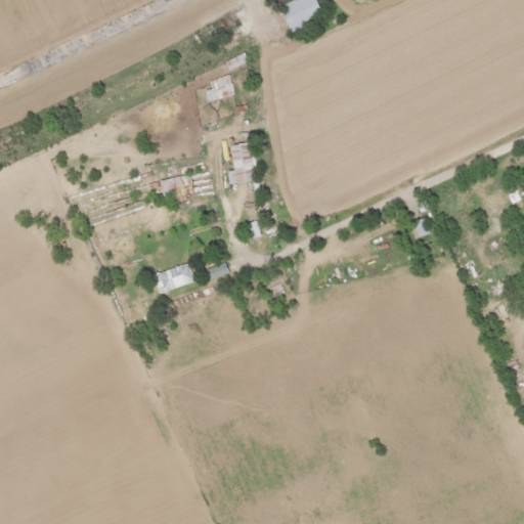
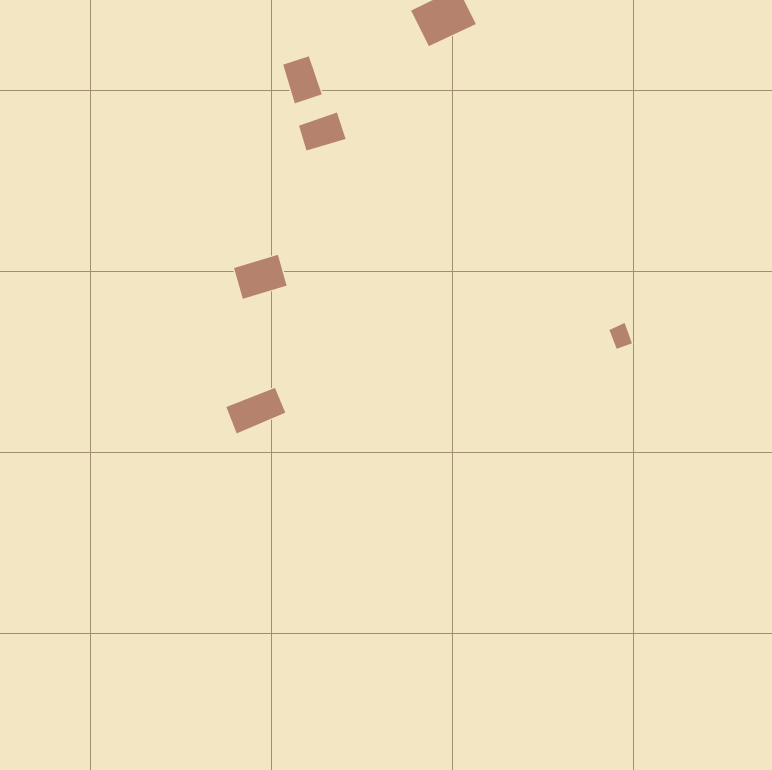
building: none -> [282,56,322,104]
building: [229,143,254,182] -> none

